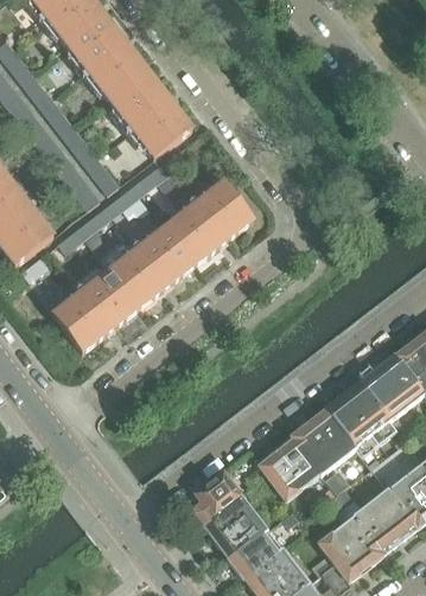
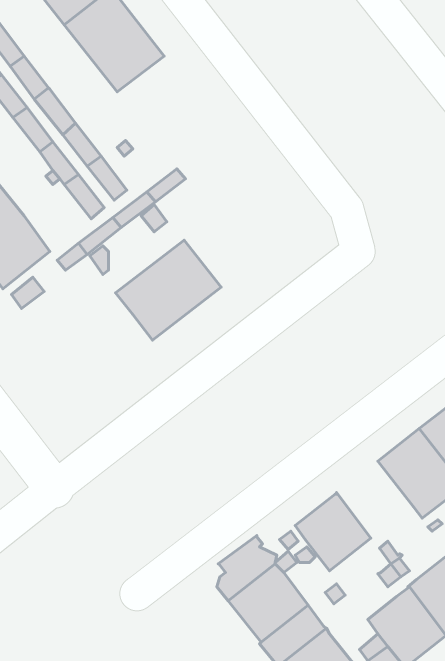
building: [109,72,190,156] -> none
building: [165,181,252,264] -> none
building: [52,269,139,351] -> none
building: [292,409,356,473] -> none

